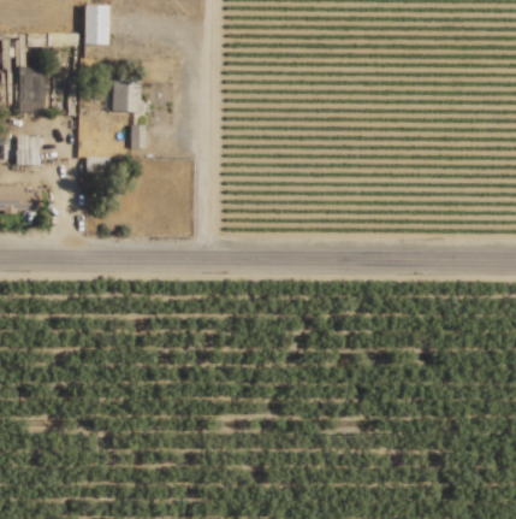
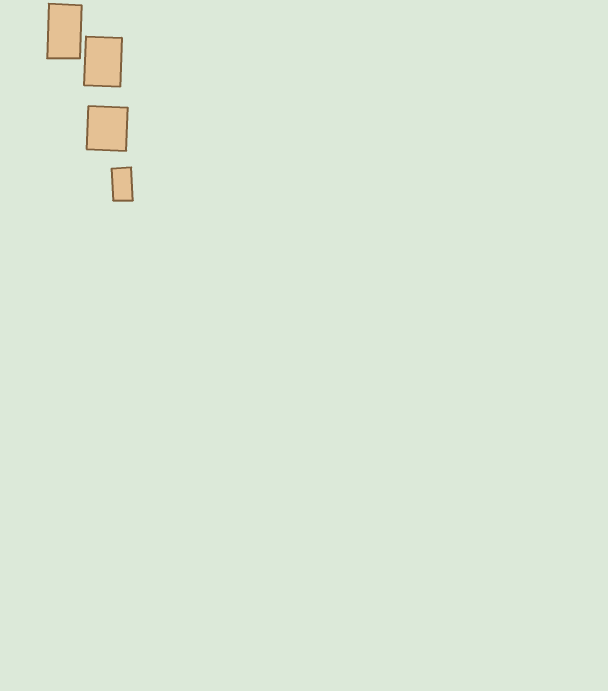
building: none -> [84,36,122,87]

